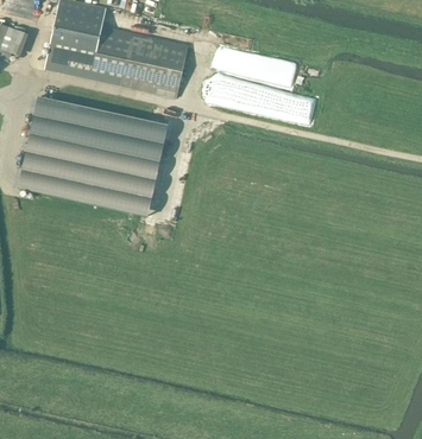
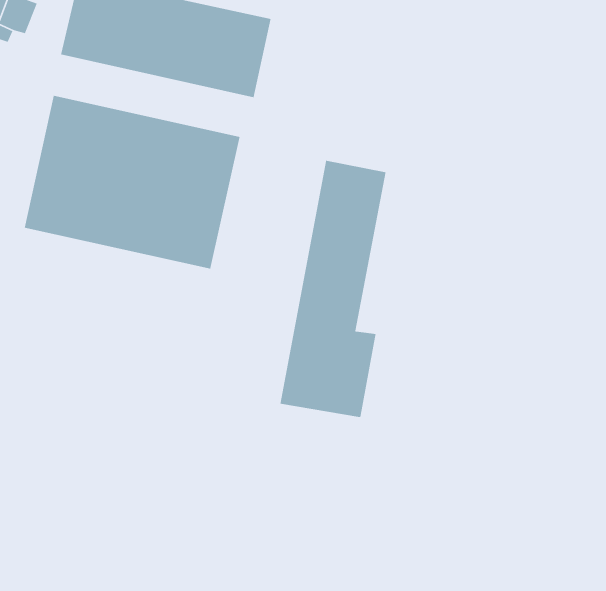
building: [208,49,313,120] -> none
building: none -> [279,160,386,419]

